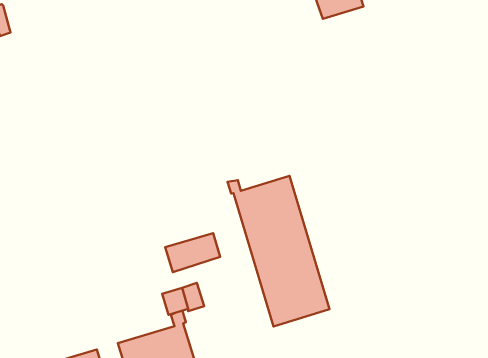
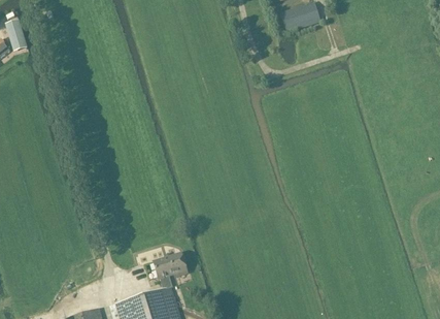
building: [228,176,330,326] -> none
building: [165,233,220,272] -> none

